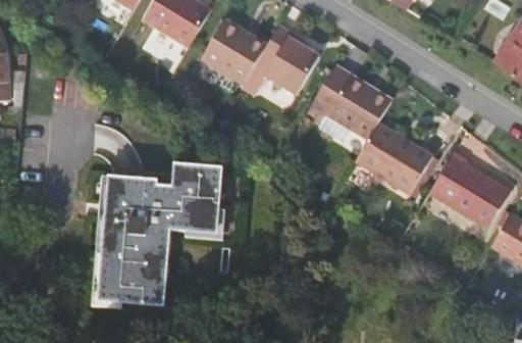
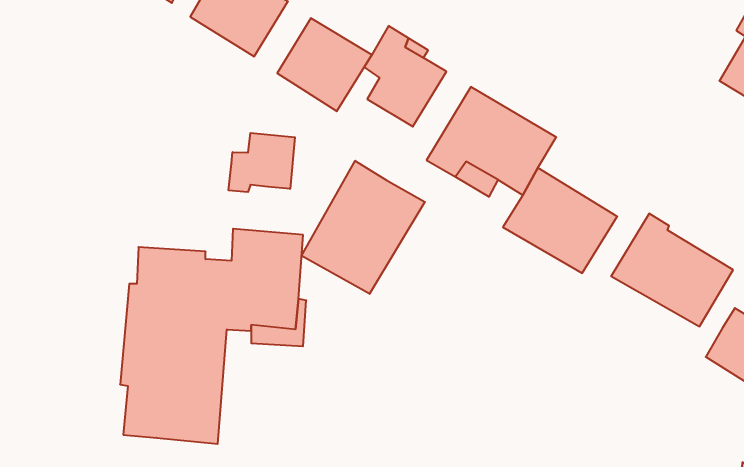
building: none -> [229,133,295,192]
building: none -> [302,161,425,294]
building: [92,174,123,308] -> none

